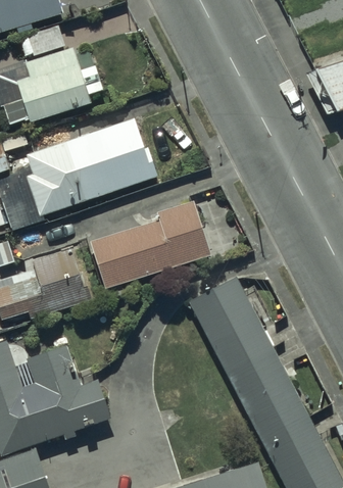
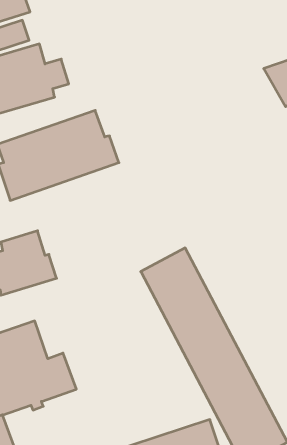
building: [91,202,210,291] -> none

